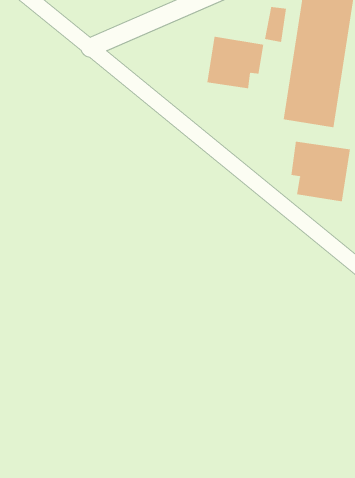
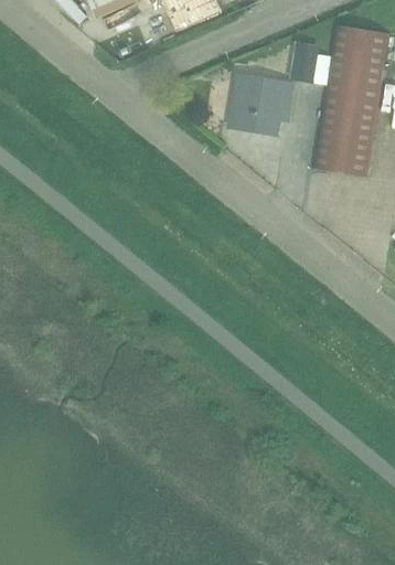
building: [291,141,351,202] -> none

